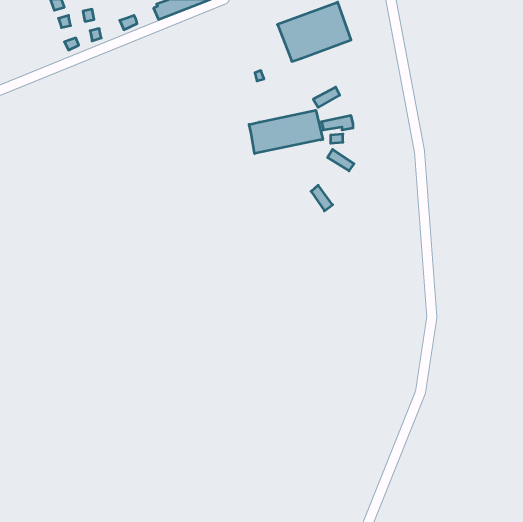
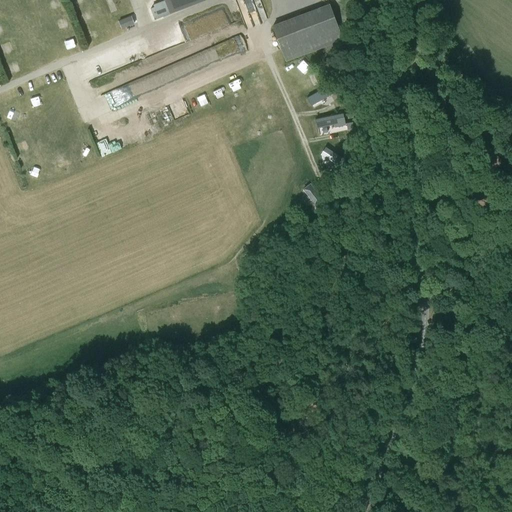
building: [249,110,323,154] -> none

